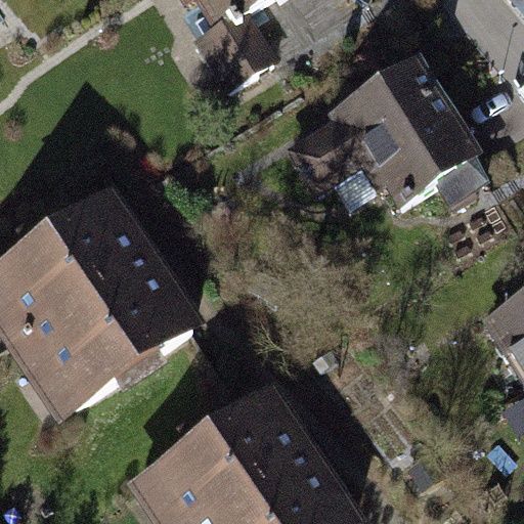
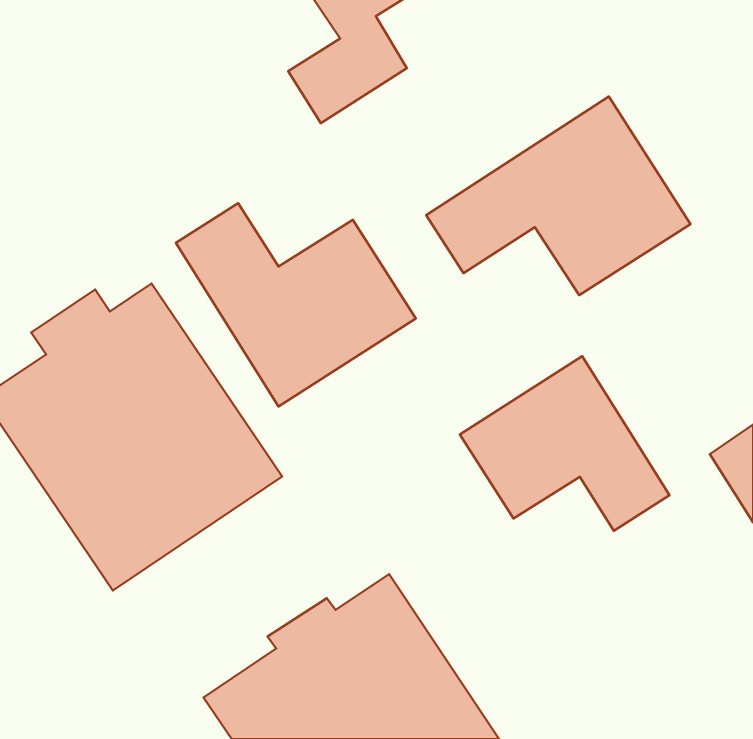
building: none -> [176,203,416,407]
building: none -> [460,356,669,531]

